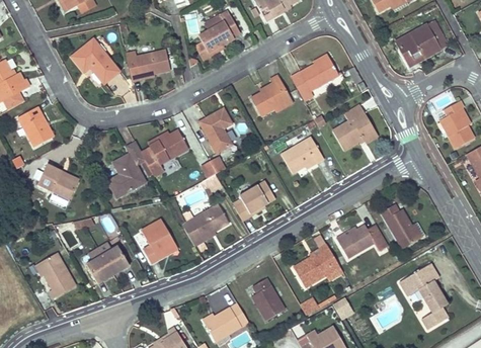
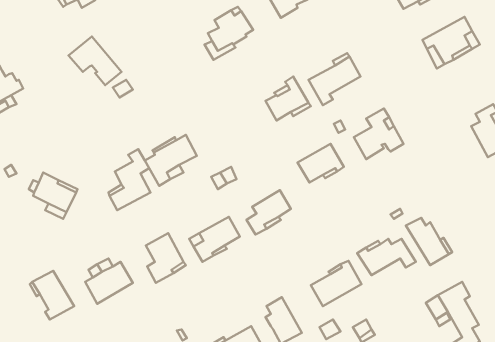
building: [135,50,169,76] -> none
building: [18,106,54,147] -> none
building: [199,107,231,152] -> none

